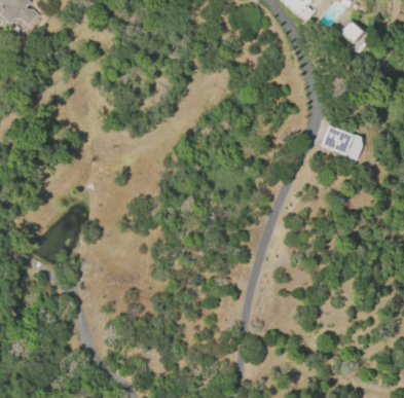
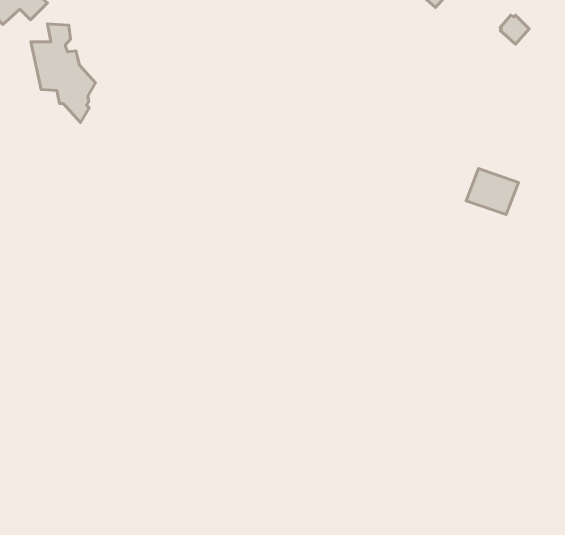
building: none -> [31,24,96,122]

